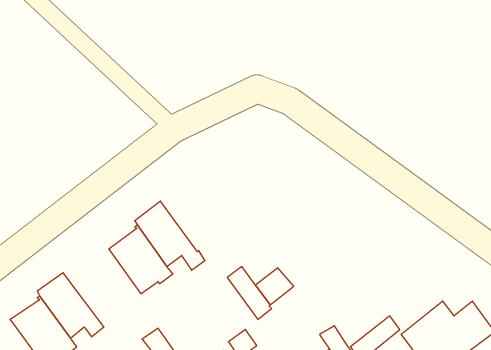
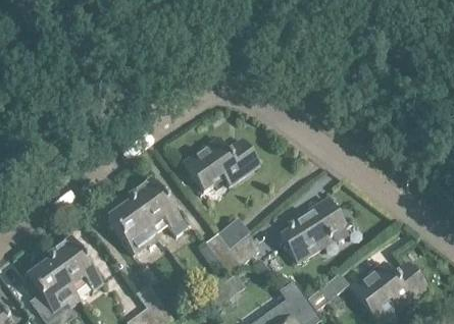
building: none -> [182,137,259,193]
building: none -> [278,198,344,262]
building: none -> [217,216,249,248]

